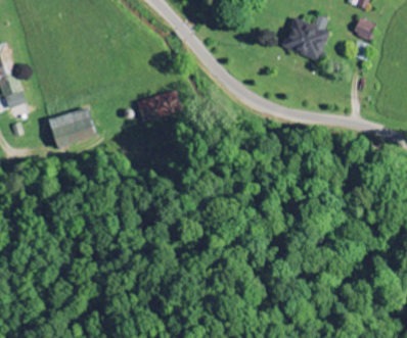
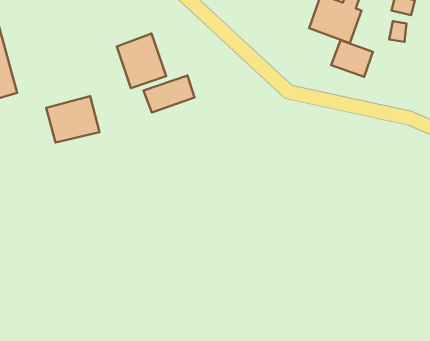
building: none -> [117,33,166,88]
building: none -> [331,40,373,77]

